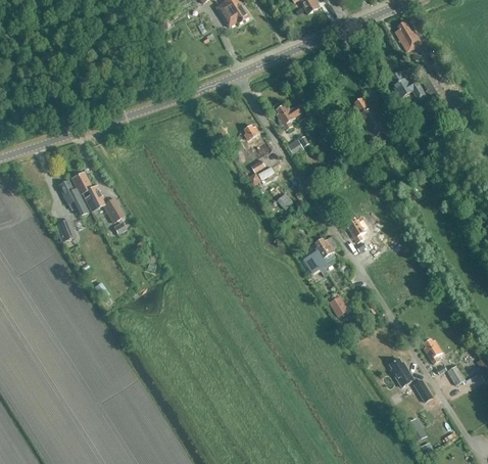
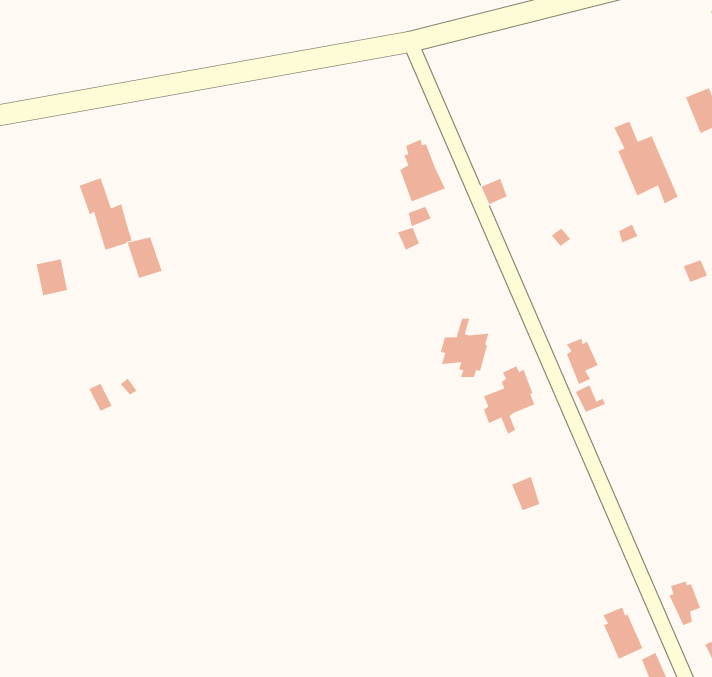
building: [276,102,304,129] -> none
building: [57,180,87,214] -> none
building: none -> [440,318,489,378]

